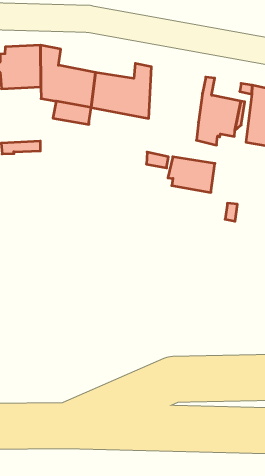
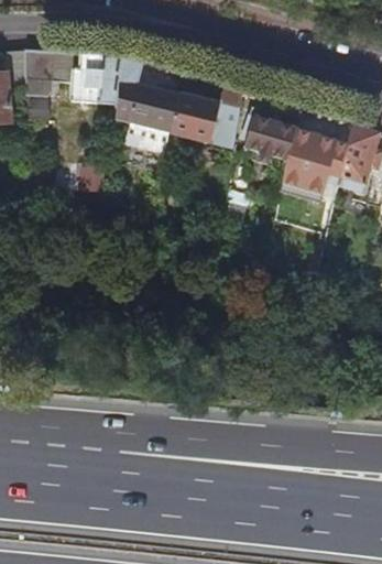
building: [168,157,215,192] -> [242,117,296,161]

